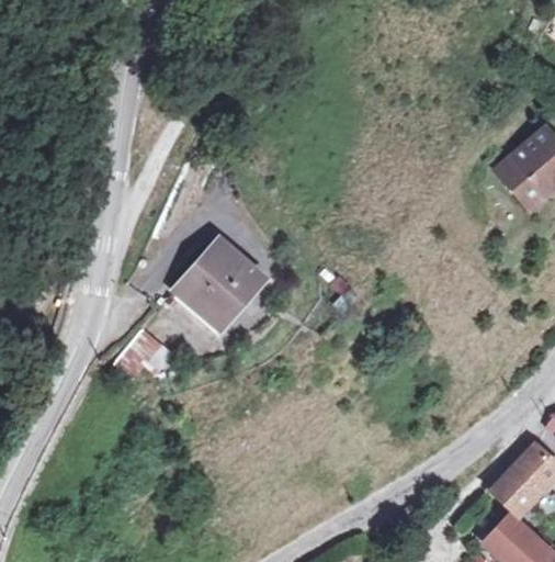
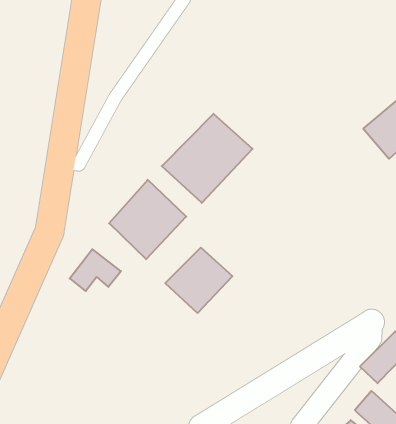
building: none -> [162,114,253,203]
building: none -> [165,248,232,313]

